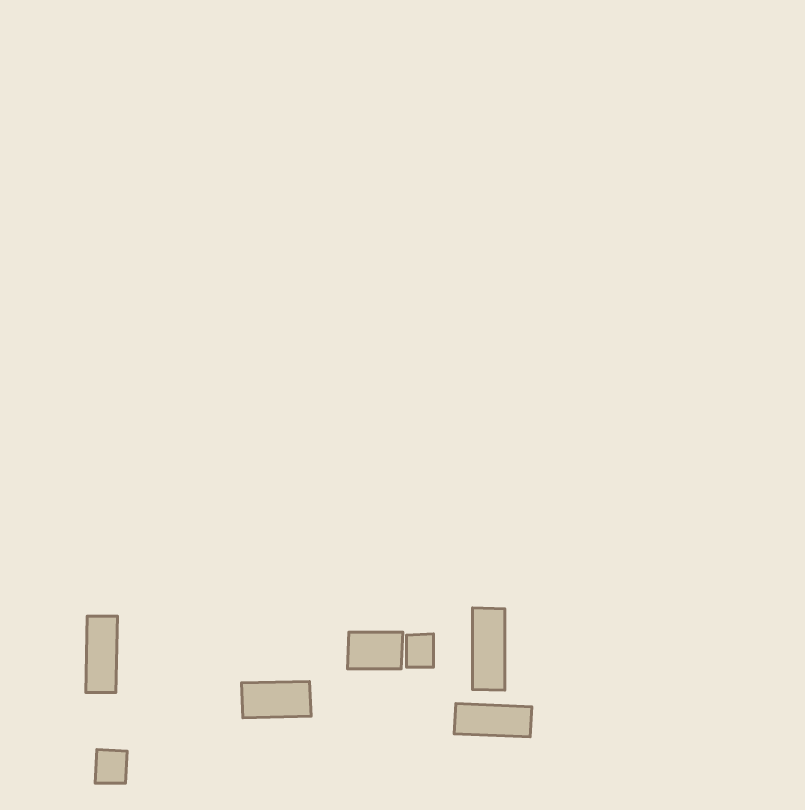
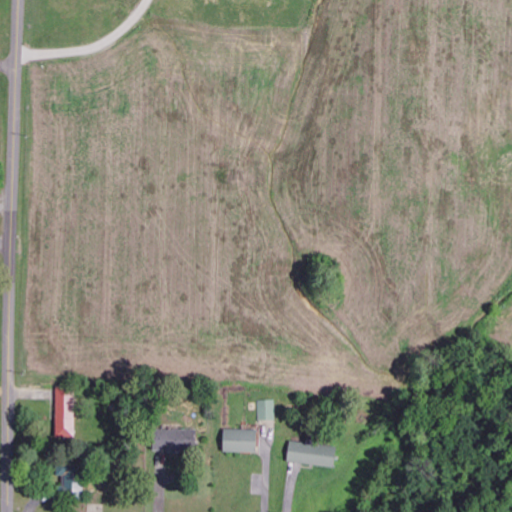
building: [472,608,505,690] -> none
building: [347,632,403,669] -> [222,429,257,452]

